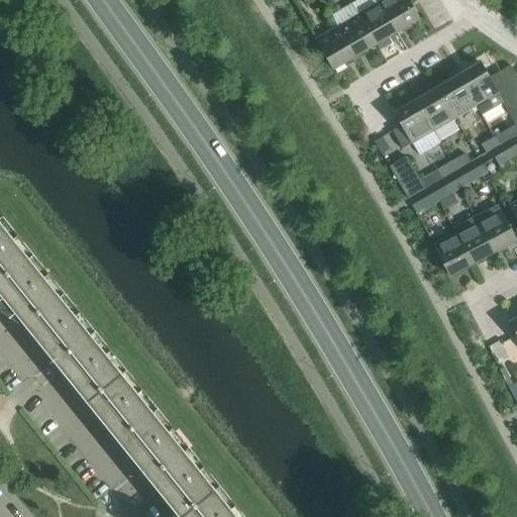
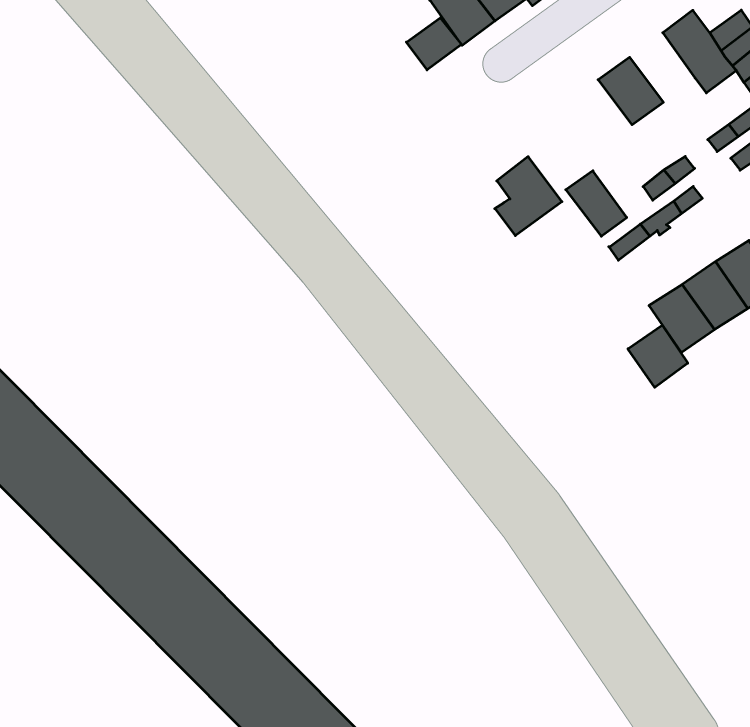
building: none -> [406,18,461,70]
building: [436,76,476,119] -> none
building: [391,101,433,149] -> [495,157,562,236]
building: none -> [628,325,688,387]

